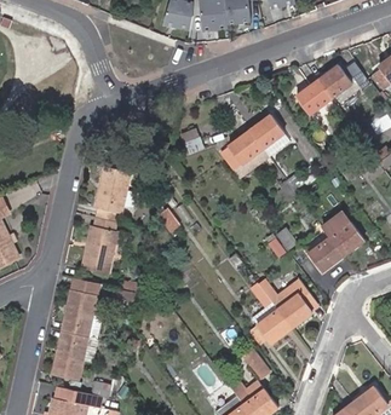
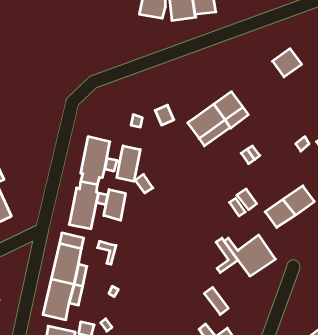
building: [295,79,330,114] -> none
building: none -> [117,146,140,181]
building: none -> [104,189,125,220]
building: [247,309,291,342] -> none

